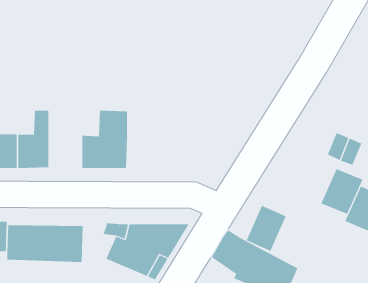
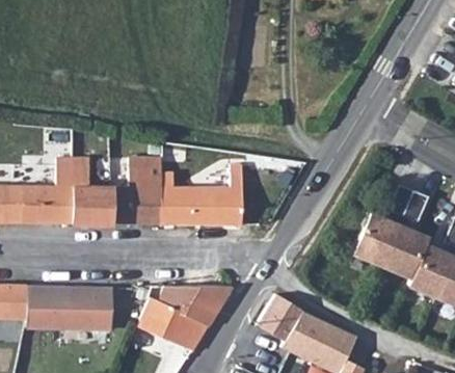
building: none -> [75,159,111,224]
building: none -> [162,159,243,224]
building: [246,205,287,251] -> [351,212,397,264]

